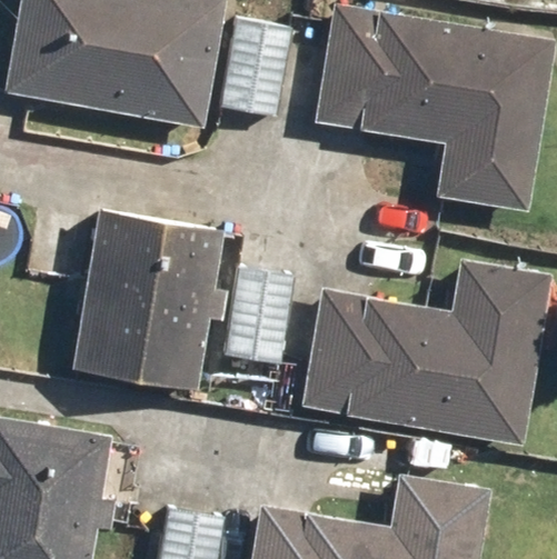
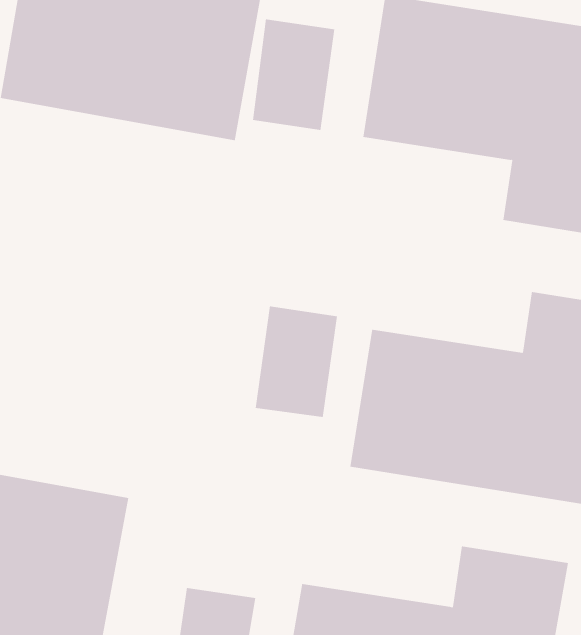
building: [71,210,222,390] -> none

